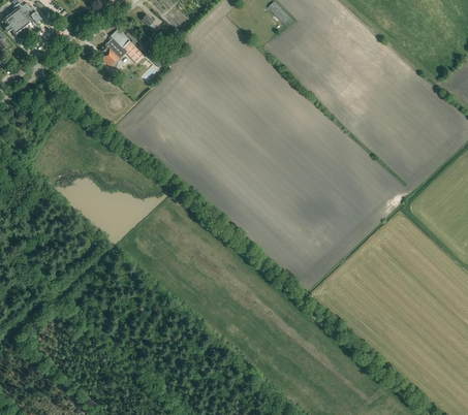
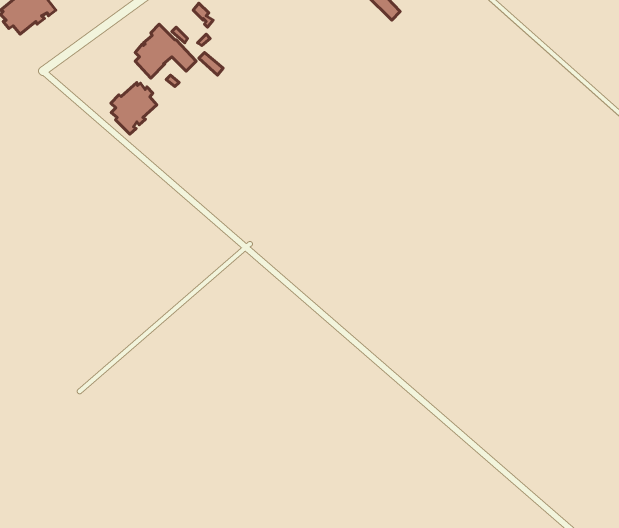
building: none -> [111,83,157,134]

